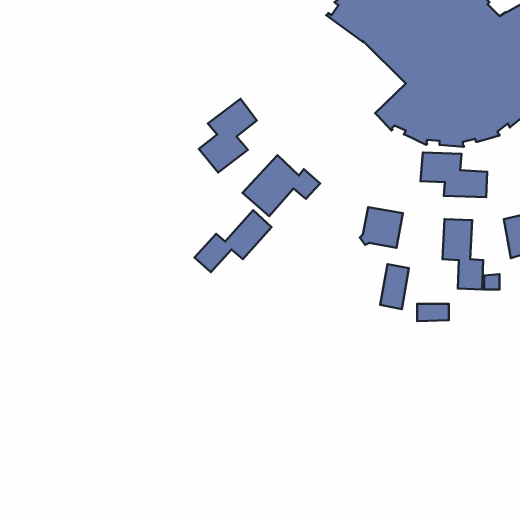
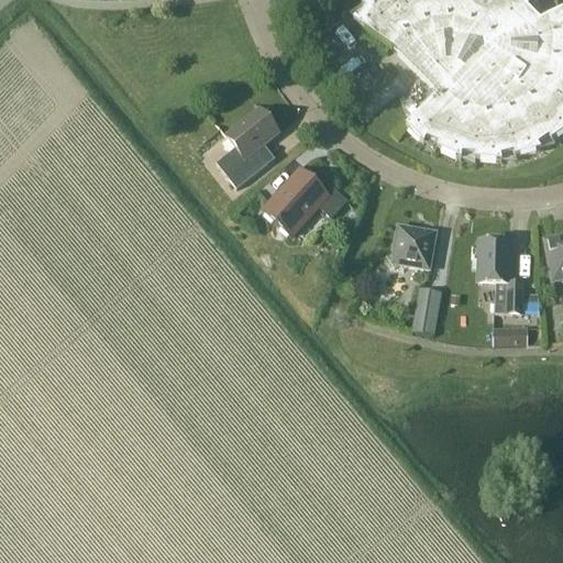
building: [421,153,487,197] -> none
building: [194,210,271,272] -> none
building: [417,304,449,321] -> [494,325,528,344]

